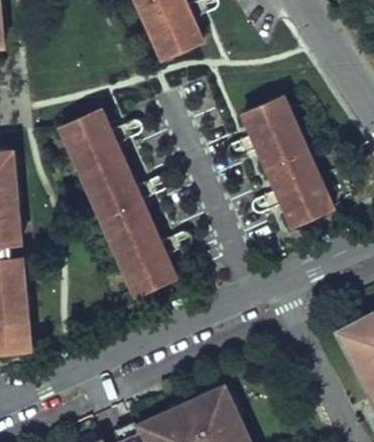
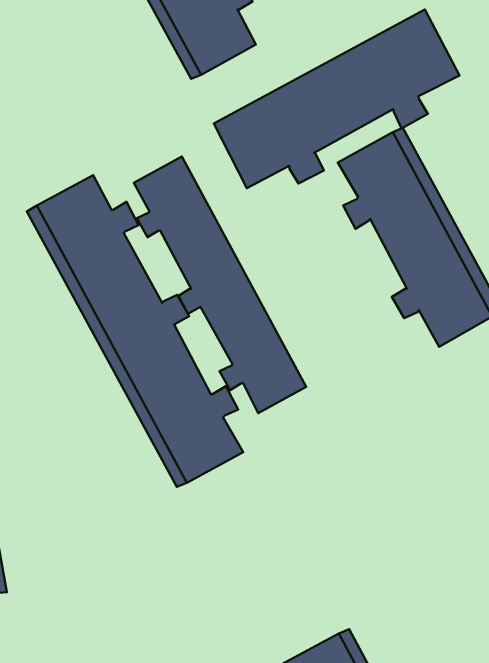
building: none -> [214,10,460,188]
building: none -> [134,157,306,413]

